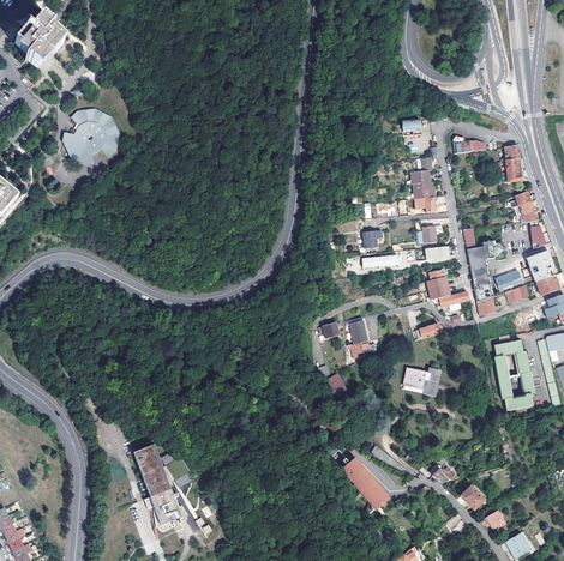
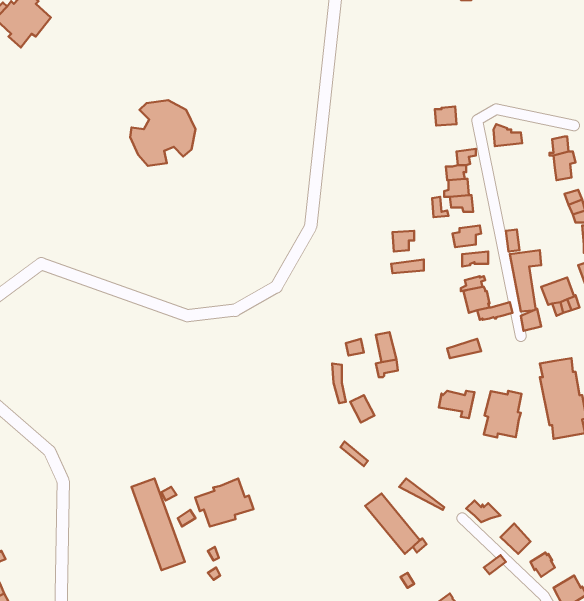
building: [62,108,120,165] -> [130,100,196,166]
building: none -> [484,391,522,437]
building: none -> [195,479,253,527]

